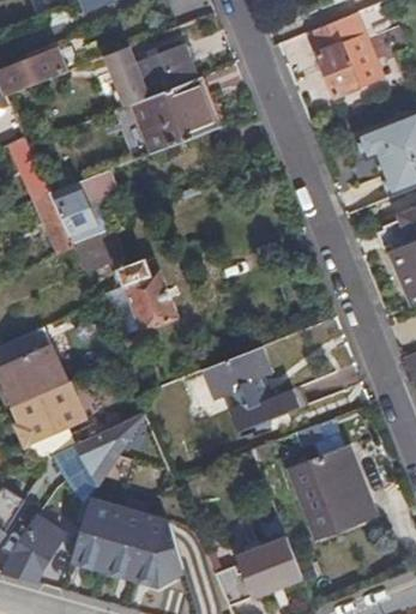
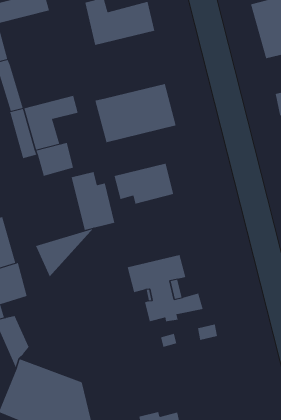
building: [114,79,217,161] -> [95,83,177,143]
building: none -> [114,163,174,205]
building: [74,415,143,482] -> [35,228,94,278]
building: [291,446,374,535] -> none

